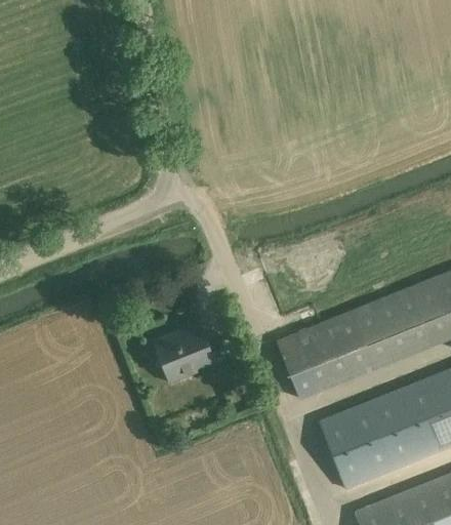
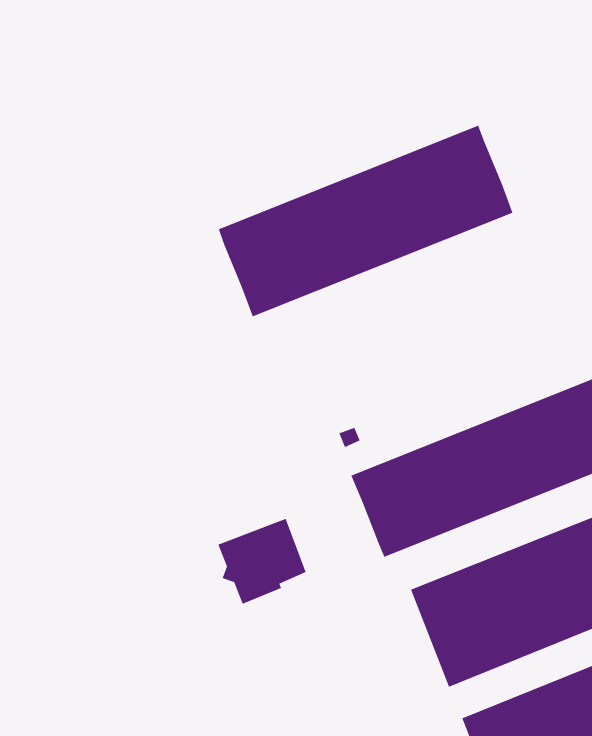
building: none -> [218,125,513,317]
building: [153,322,215,382] -> [217,518,307,604]

